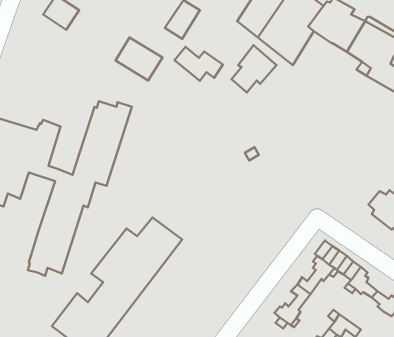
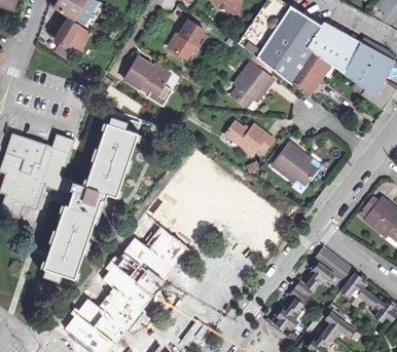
building: none -> [291,52,327,96]
building: [175,47,223,81] -> [228,124,274,156]
building: none -> [275,146,319,186]

